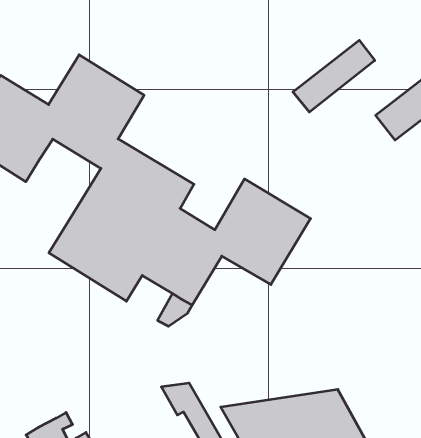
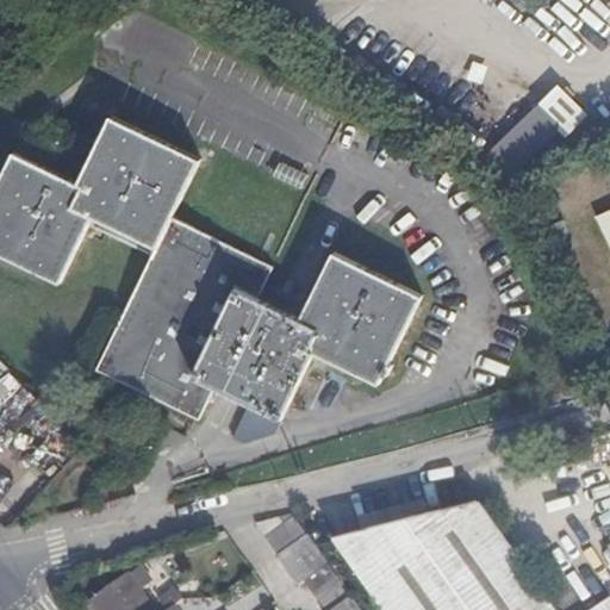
building: [293,40,375,112] -> none

